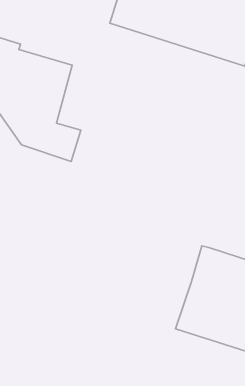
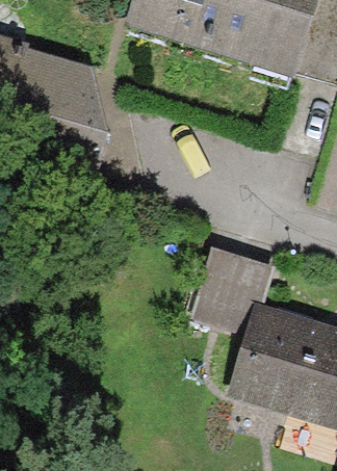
building: none -> [187,245,271,335]

